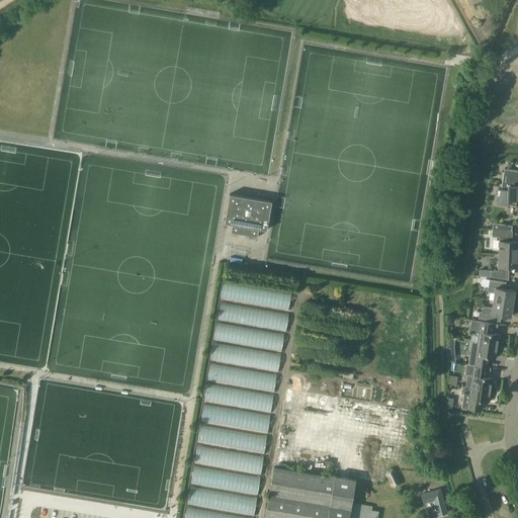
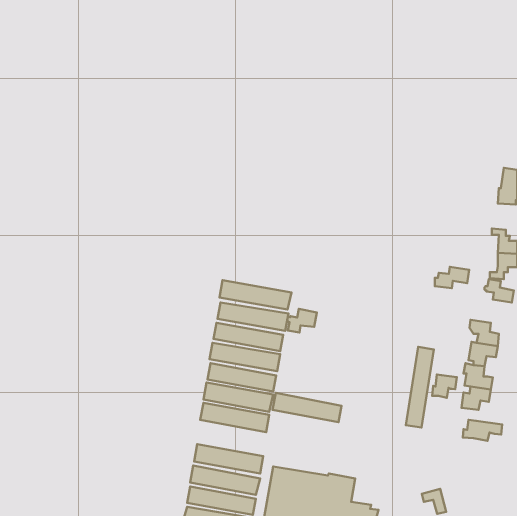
building: [225,194,272,237] -> none
building: [478,300,512,322] -> [435,267,469,288]
building: none -> [287,309,317,333]
building: none -> [406,347,434,427]
building: none -> [432,375,457,398]
building: none -> [463,420,502,441]
building: [197,425,266,454] -> [273,393,341,422]

